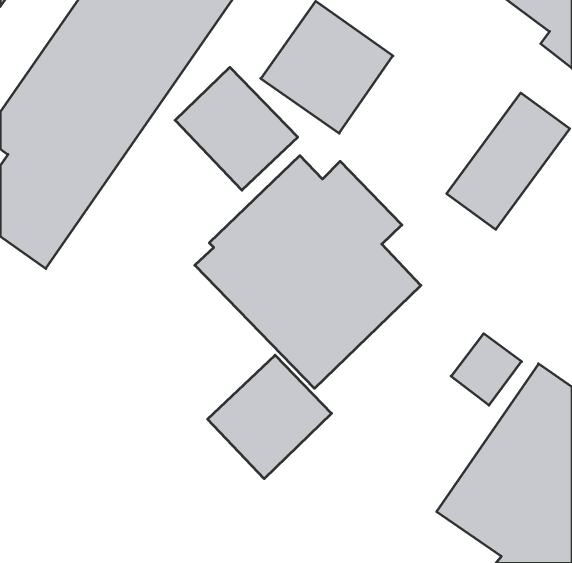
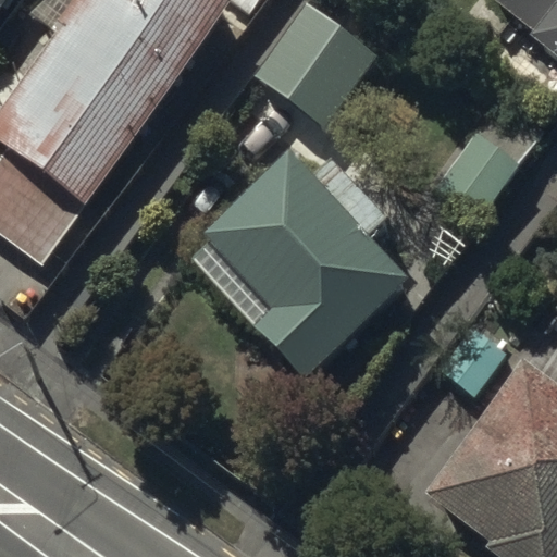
building: [175,67,298,190] -> none
building: [208,355,332,479] -> none

